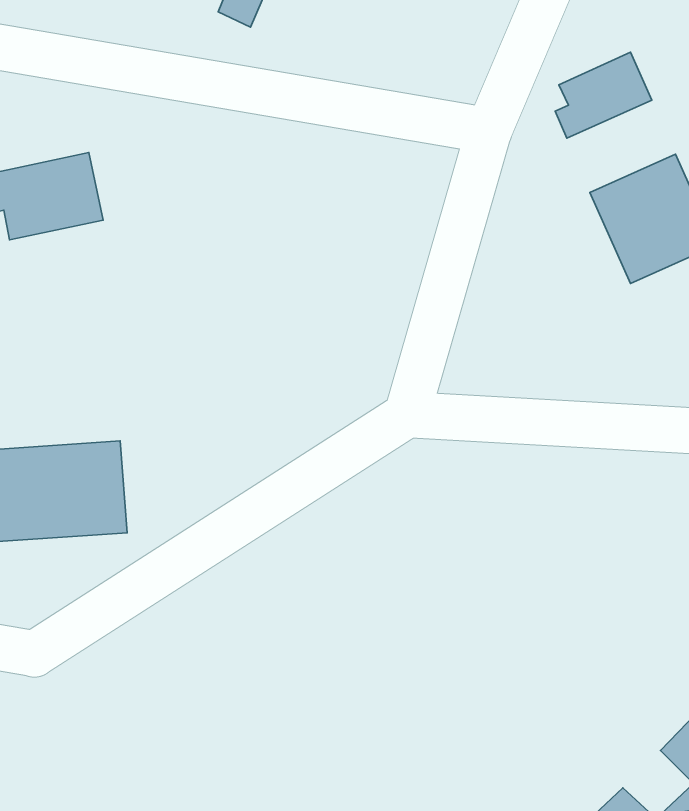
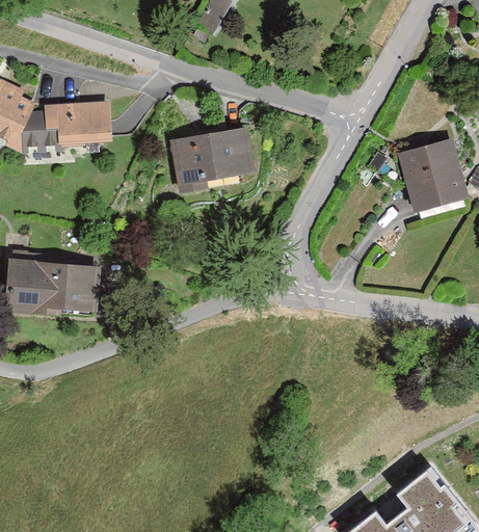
building: [555,52,652,138] -> none
building: none -> [172,132,257,200]

